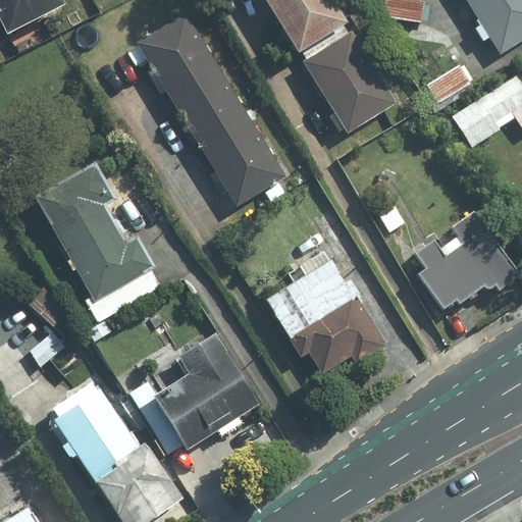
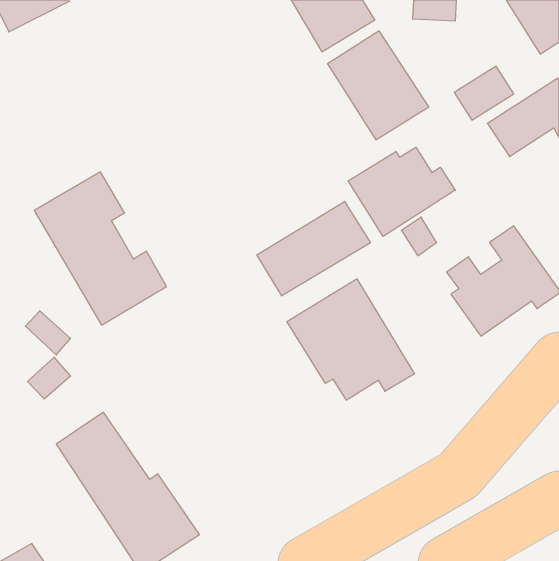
building: [136,12,285,207] -> none
building: none -> [348,147,455,236]
building: none -> [257,201,370,296]
building: [153,331,262,449] -> none

